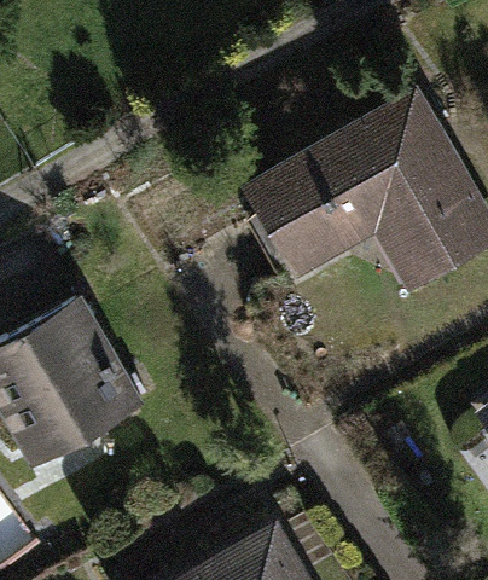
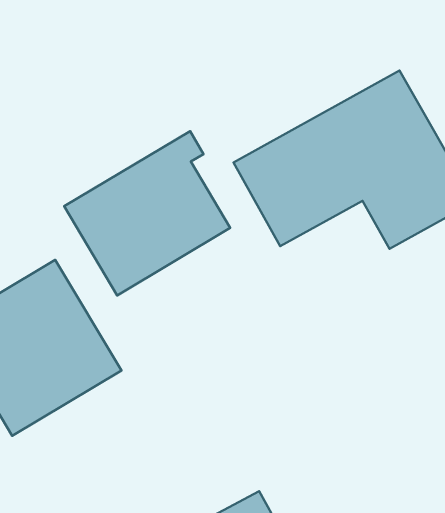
building: none -> [64,131,230,295]

